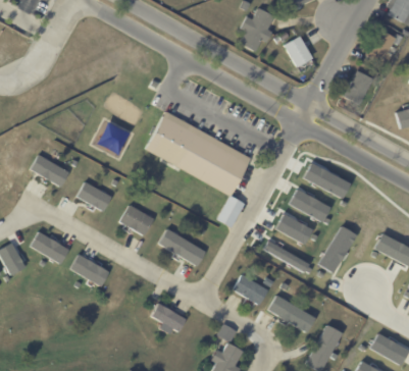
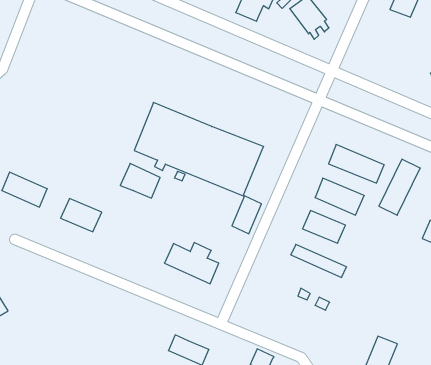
building: [346,70,375,104] -> none
building: [119,204,153,234] -> [120,163,160,198]
building: [318,225,356,271] -> [379,159,420,215]
building: [30,230,68,263] -> none
building: [69,253,108,285] -> none
building: [235,274,269,304] -> none
building: [274,298,308,327] -> none

